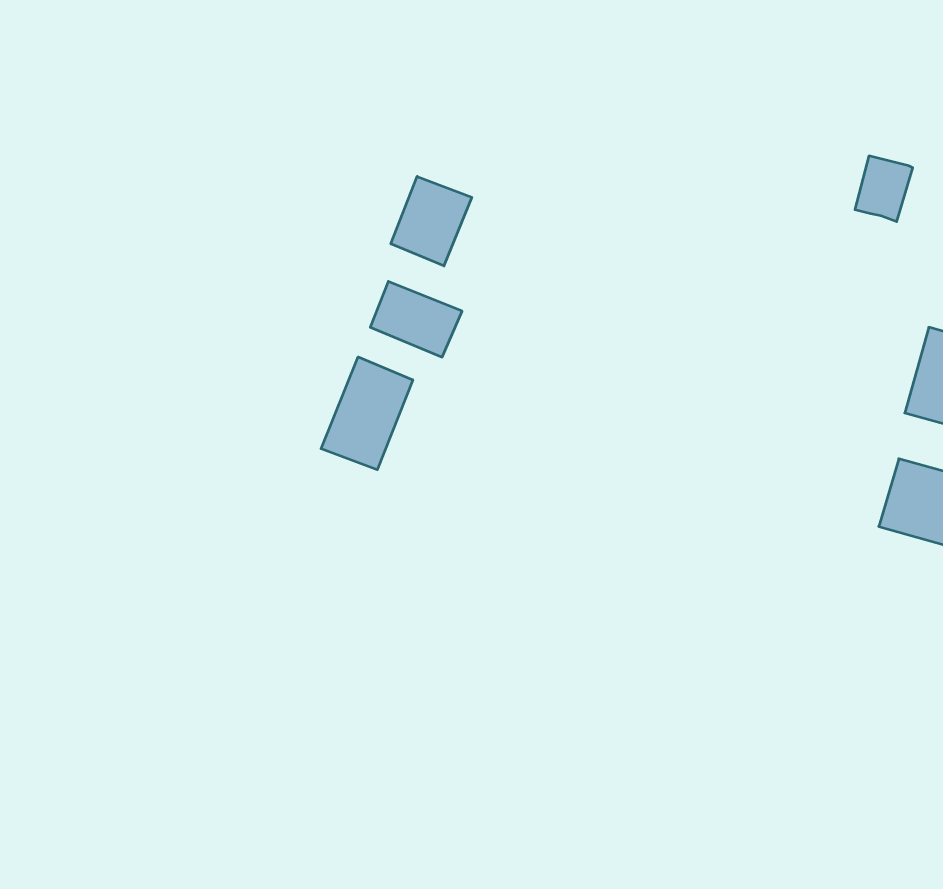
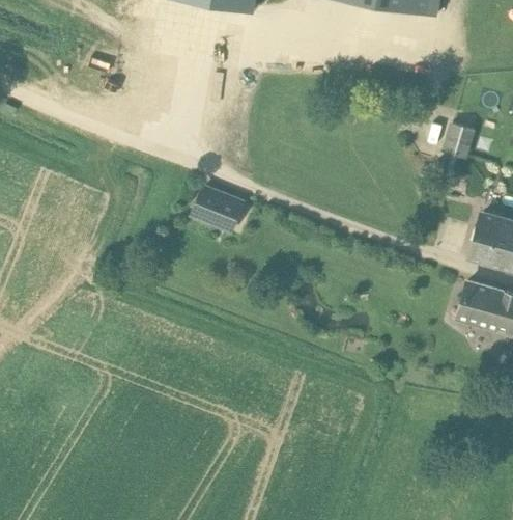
building: [391,176,472,266] -> none
building: [321,357,413,470] -> none

